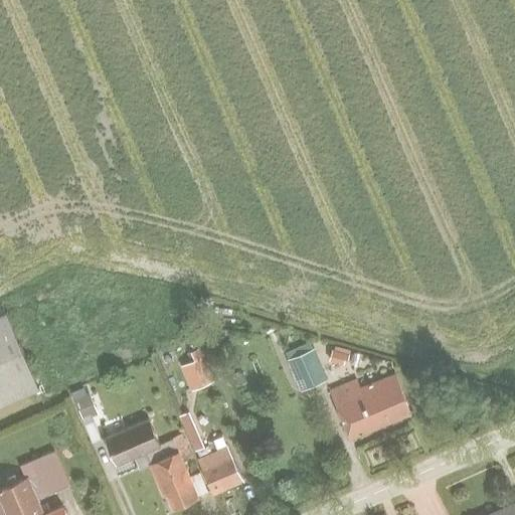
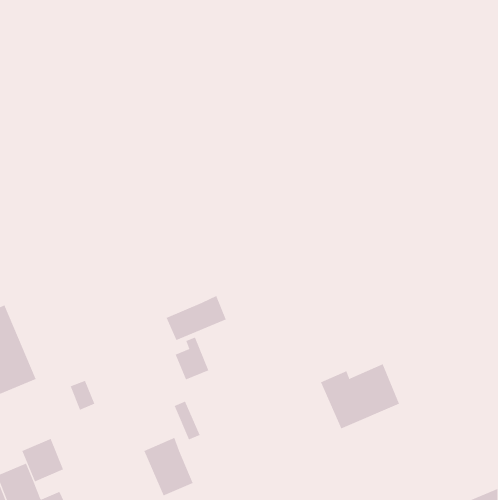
building: none -> [166,295,227,341]
building: [286,349,323,390] -> none
building: [103,417,158,465] -> none
building: [184,446,239,497] -> none

